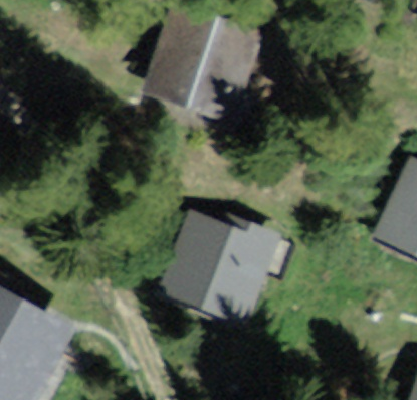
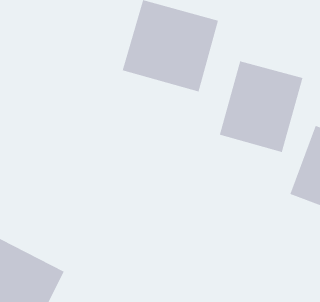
building: none -> [219,61,303,153]
building: [162,212,283,326] -> none

